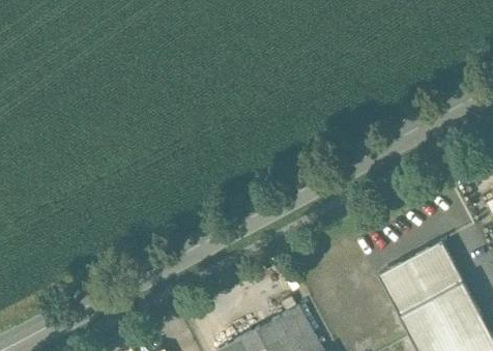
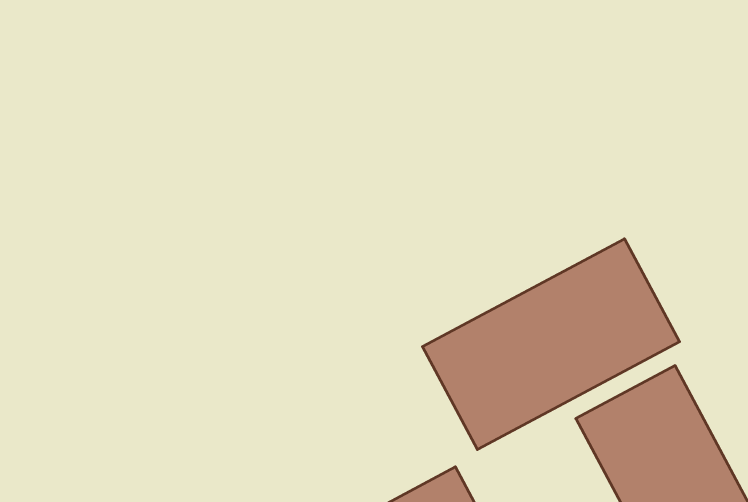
building: none -> [422,239,680,450]

